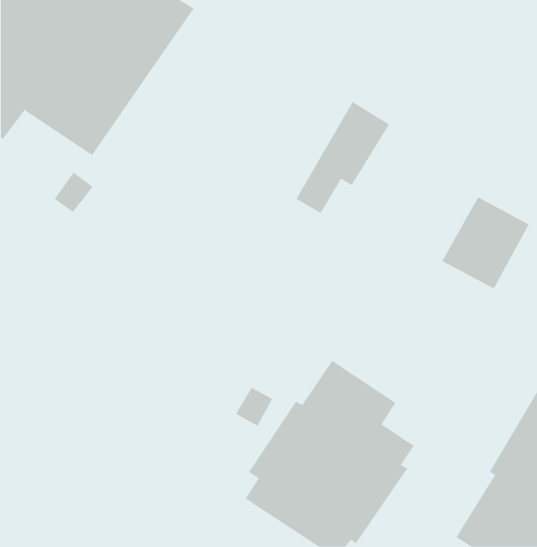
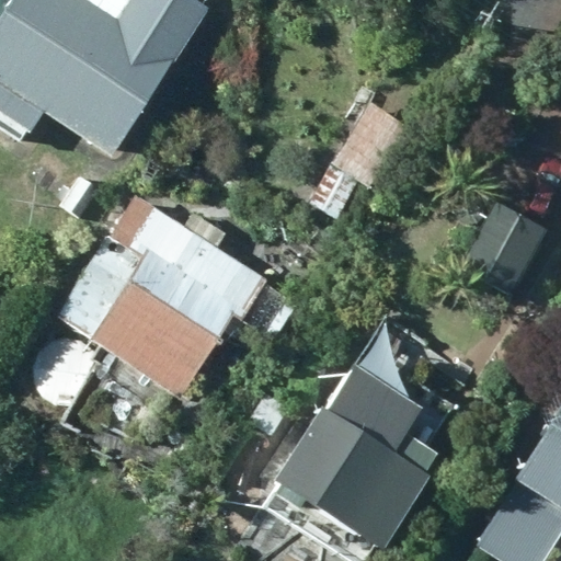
building: none -> [60,194,301,394]

